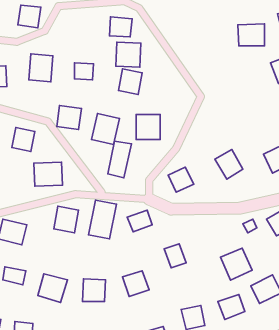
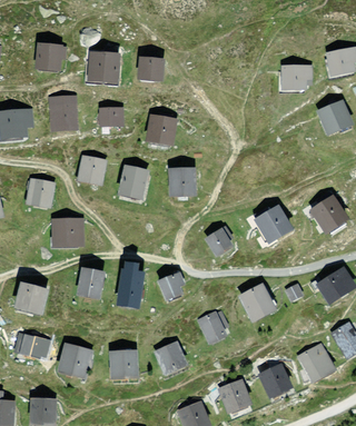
building: [116,42,141,67] -> [96,53,123,81]
building: [108,141,132,178] -> none
building: [220,248,252,280] -> [237,283,273,318]

